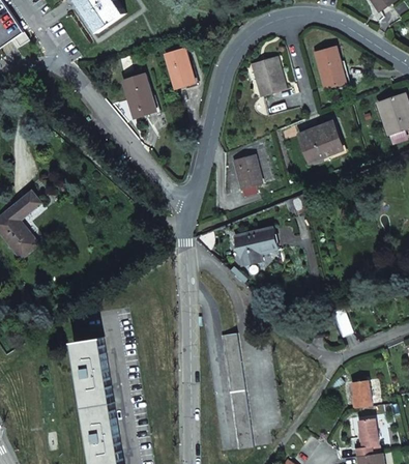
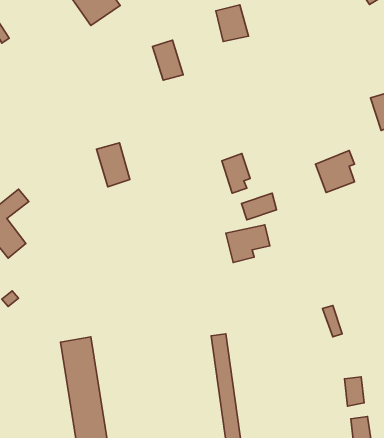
building: [315,45,347,87] -> none
building: [252,56,284,92] -> [216,5,248,41]
building: [121,72,154,116] -> [96,143,130,187]
building: [298,118,337,160] -> [316,150,354,192]
building: none -> [242,193,276,220]

